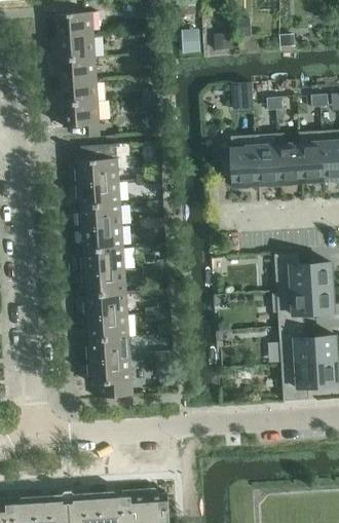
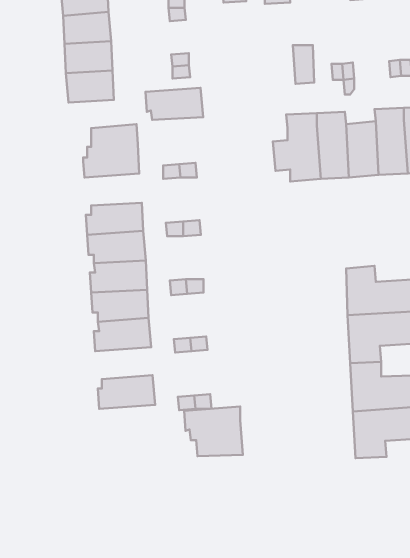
building: [76,181,120,206] -> [146,88,203,120]
building: [84,314,128,339] -> none
building: [87,359,133,397] -> [184,407,243,456]

